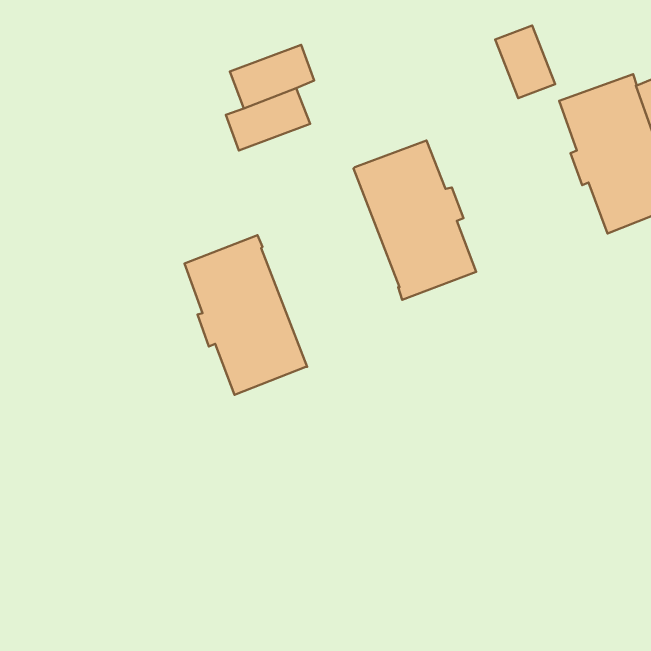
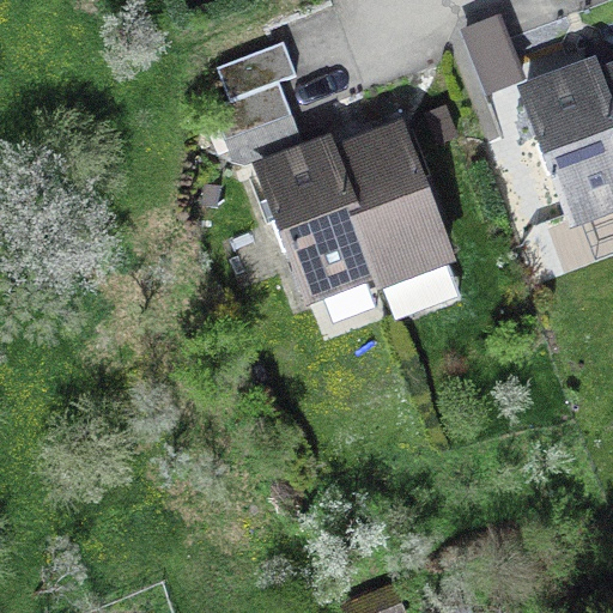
building: [185,235,307,395] -> [261,146,376,296]

